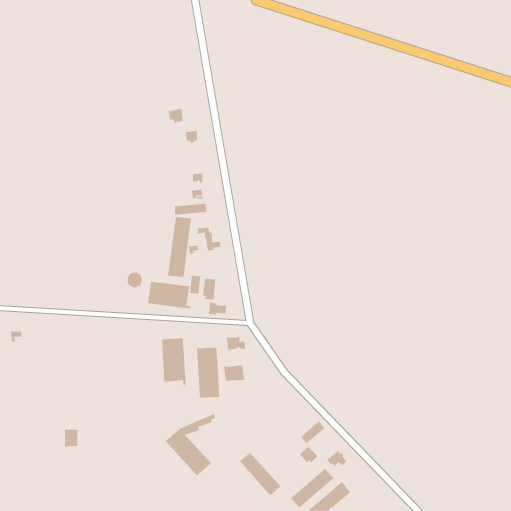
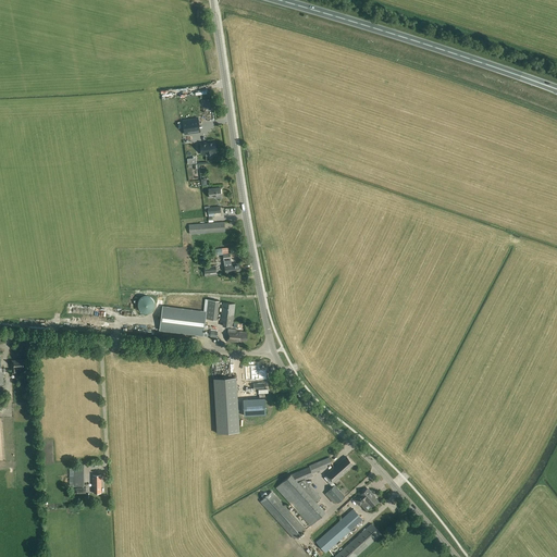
building: [168,216,192,278] -> none
building: [161,337,186,385] -> none
building: [165,413,216,476] -> [275,458,331,527]

